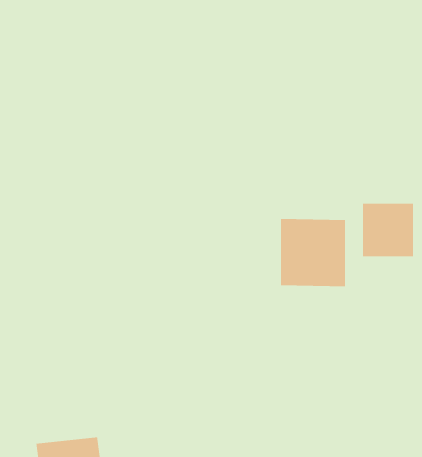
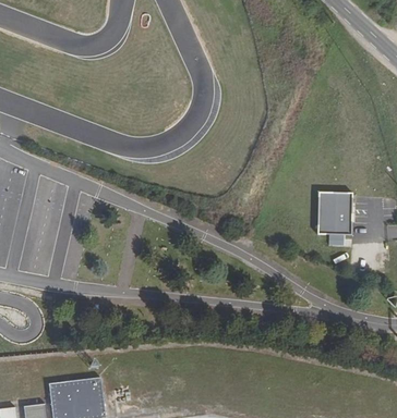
building: [280,218,346,287] -> none

